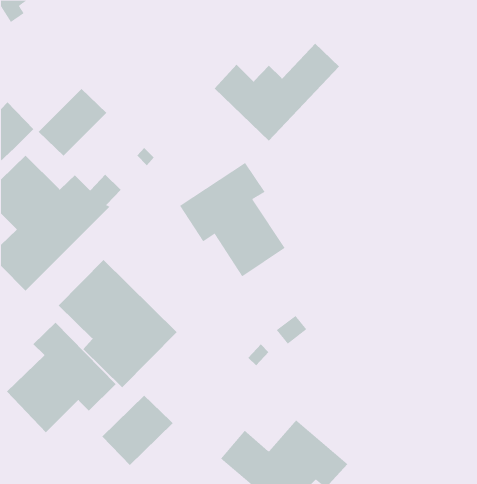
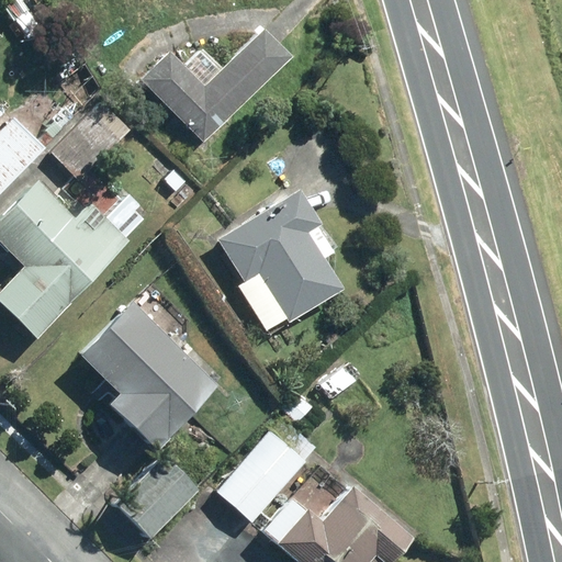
building: [214,43,340,142] -> [139,27,285,142]
building: [6,322,117,433] -> none
building: none -> [226,430,325,525]

